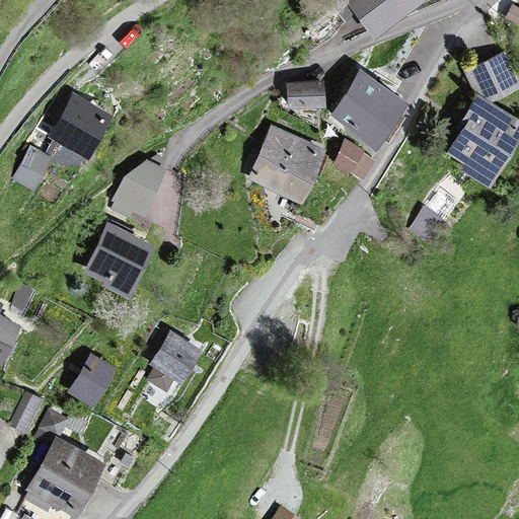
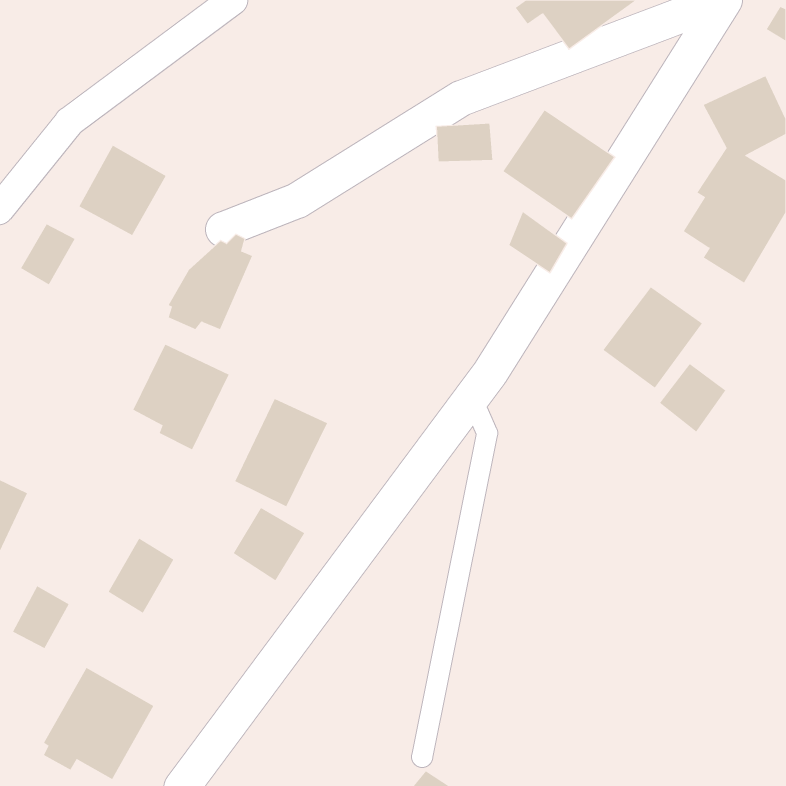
building: [251,129,322,202] -> none
building: none -> [659,363,726,432]
building: none -> [234,398,328,507]

